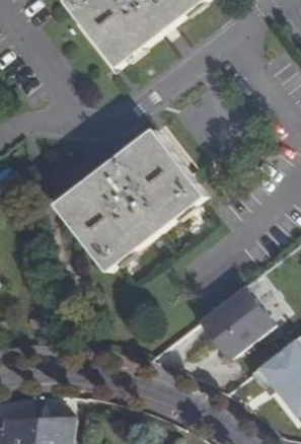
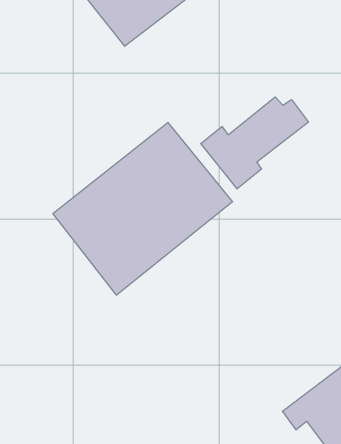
building: none -> [201,97,308,189]
building: [196,287,270,360] -> none

